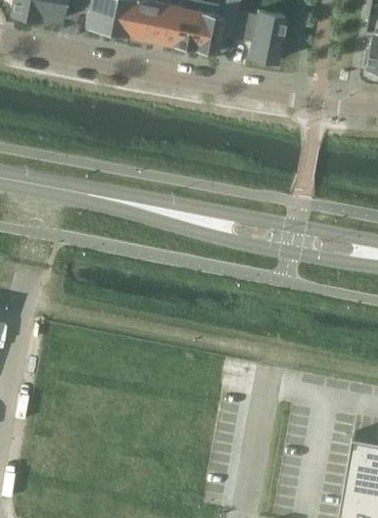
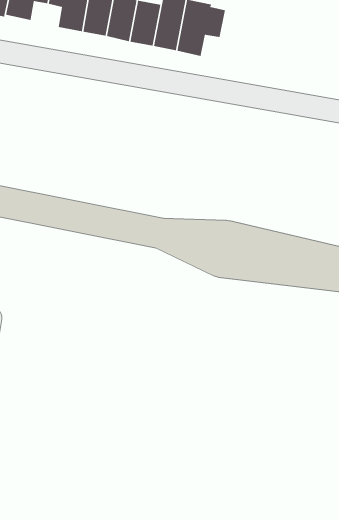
building: [233,13,284,67] -> none

